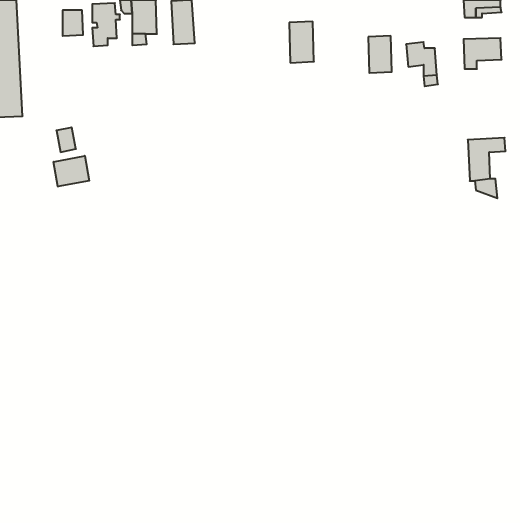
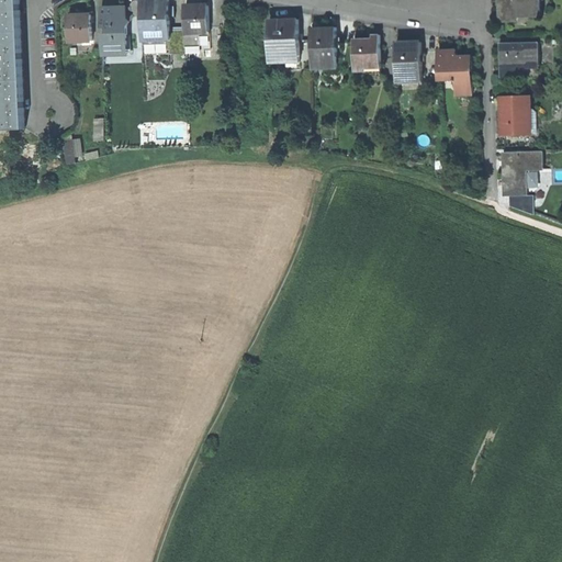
building: none -> [268,19,297,63]
building: none -> [350,32,379,70]
building: none -> [498,95,528,134]
building: [54,156,89,187] -> none

